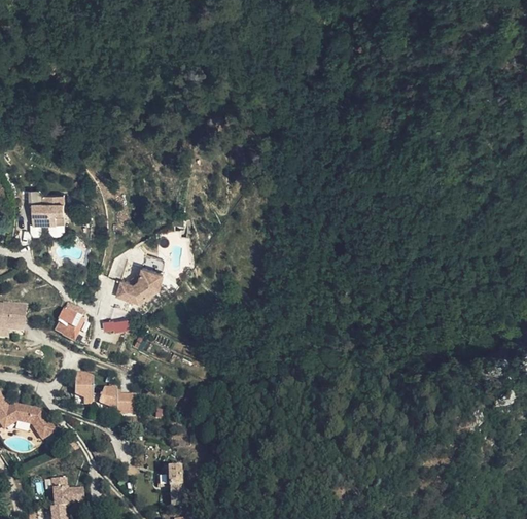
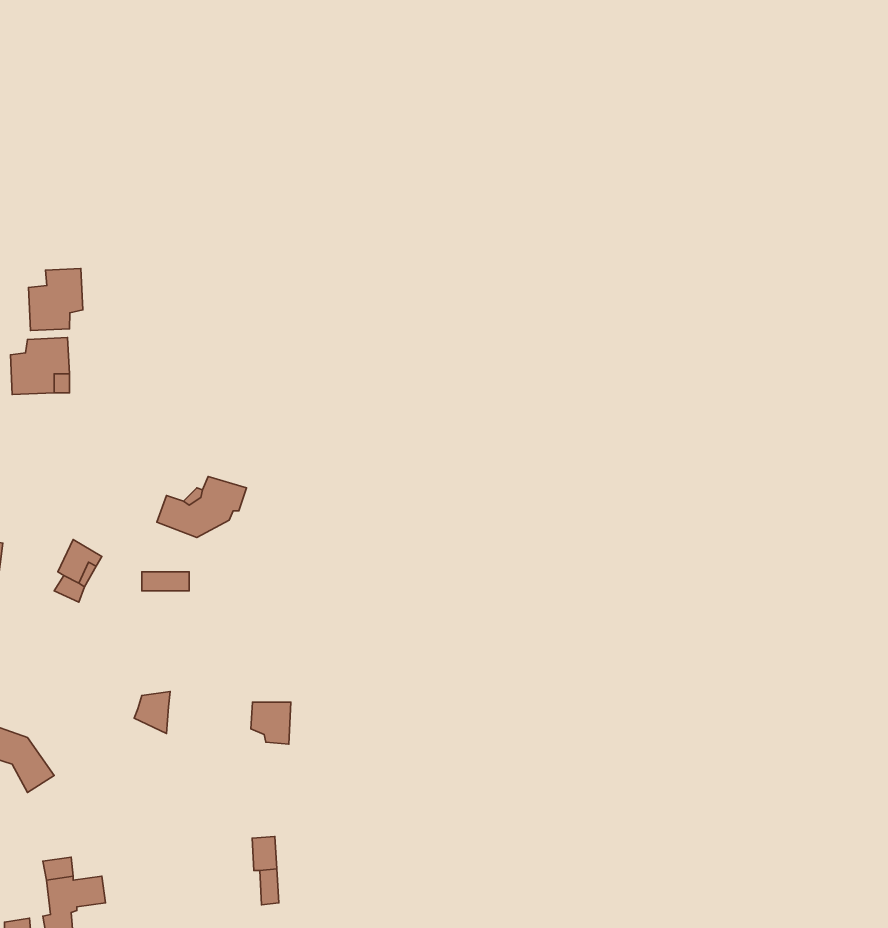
building: none -> [28,269,83,331]
building: [75,372,95,402] -> none
building: [116,394,138,417] -> [251,702,291,744]

